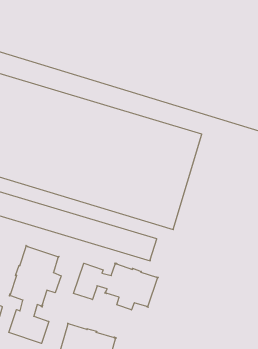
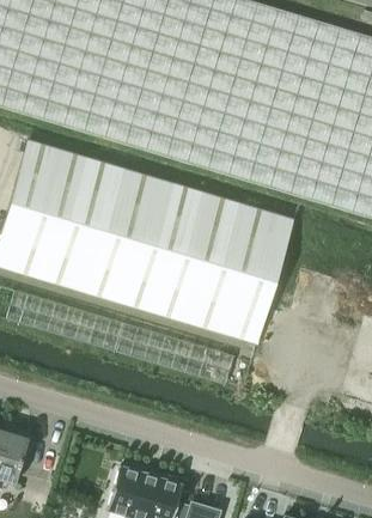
building: [9,245,61,343] -> none
building: [74,263,158,310] -> none

